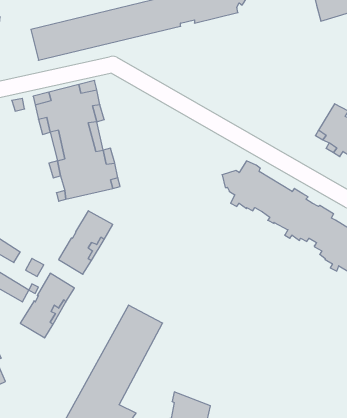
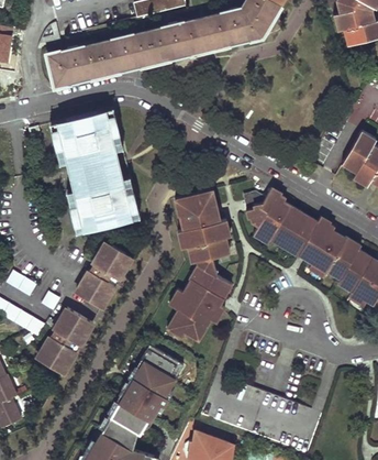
building: none -> [169,190,227,340]

